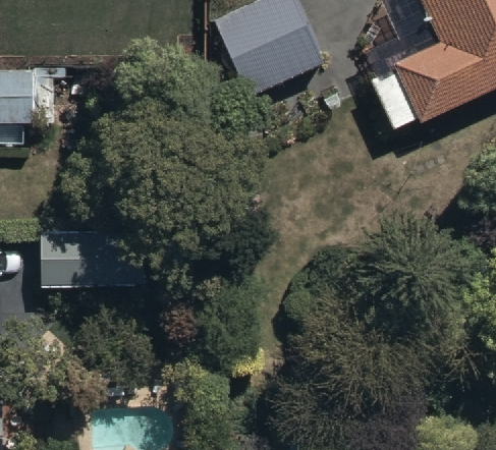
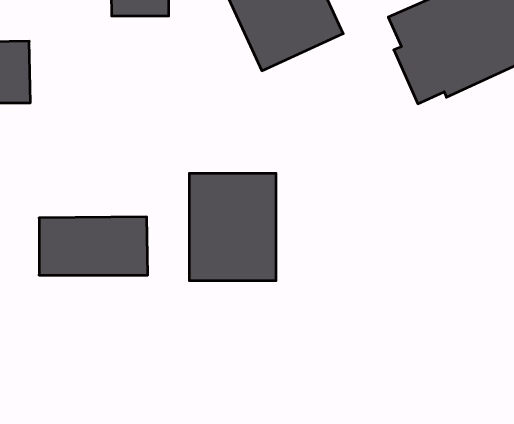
building: none -> [189,173,276,281]

